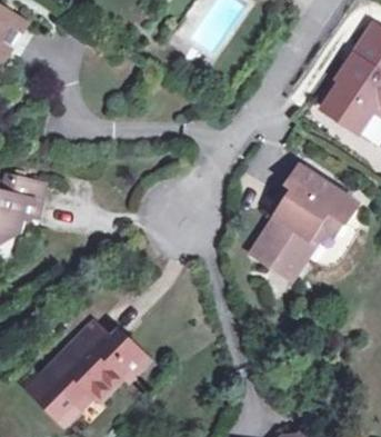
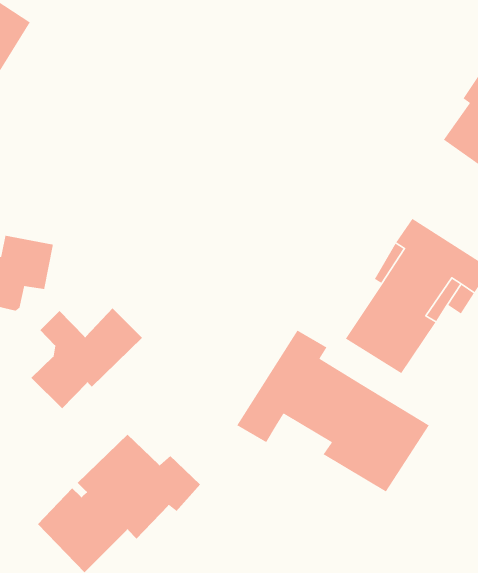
building: none -> [30,308,143,409]
building: none -> [236,329,430,492]

